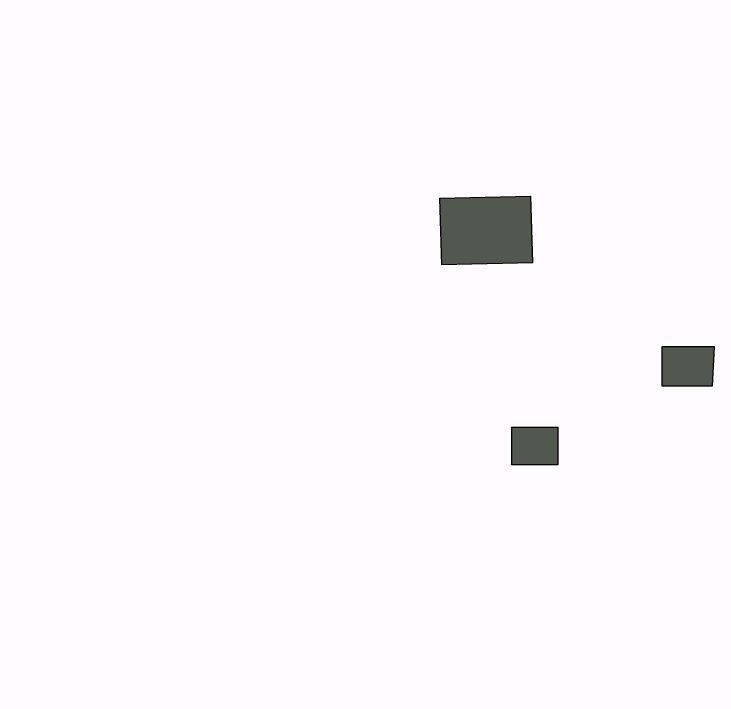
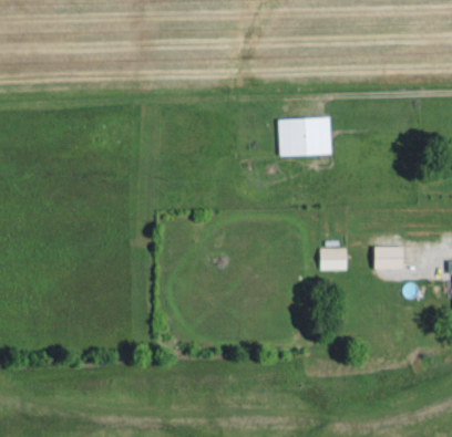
building: [662,347,714,386] -> [374,247,404,269]

